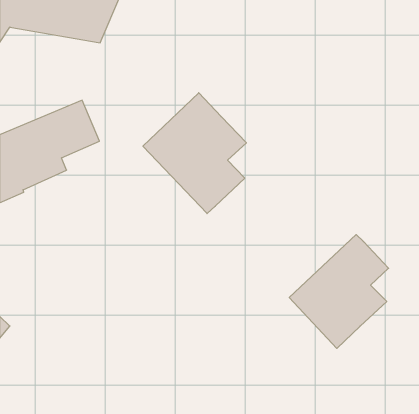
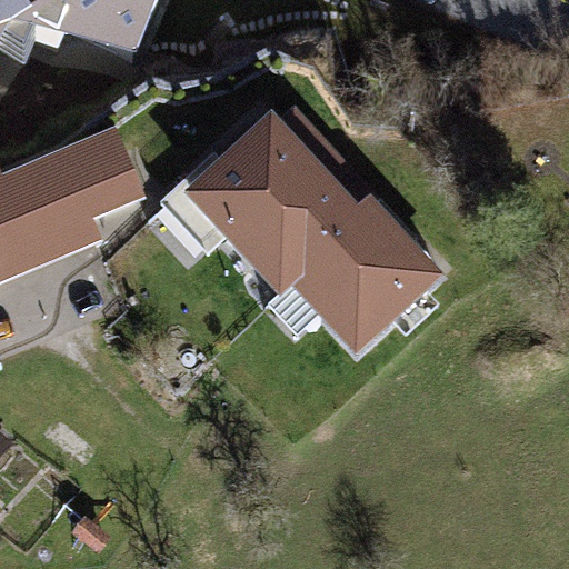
building: none -> [291,182,433,349]
building: [289,235,389,348] -> none

